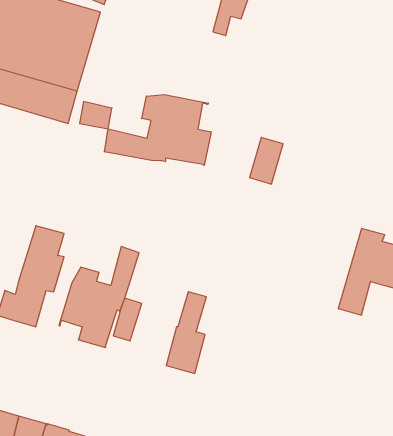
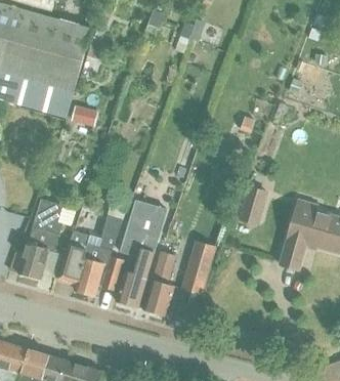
building: [105,95,211,165] -> none
building: [250,137,283,184] -> [239,186,265,223]
building: none -> [115,209,164,307]
building: none -> [181,239,214,294]

